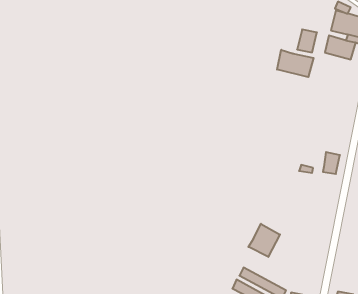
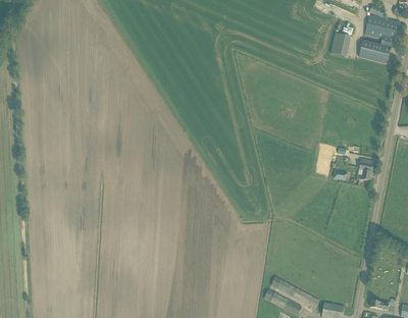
building: [277,50,314,77] -> none
building: [248,224,280,257] -> none

